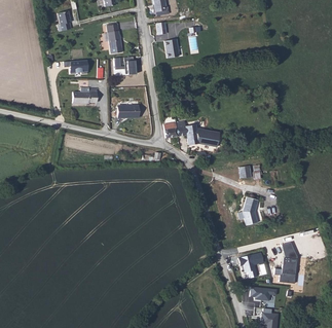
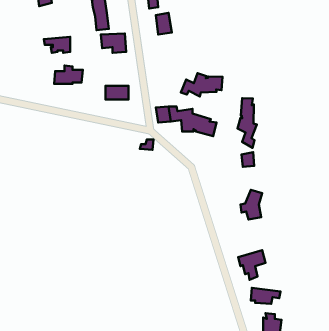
building: none -> [181,73,222,97]
building: none -> [237,98,257,148]
building: [274,243,296,284] -> none

